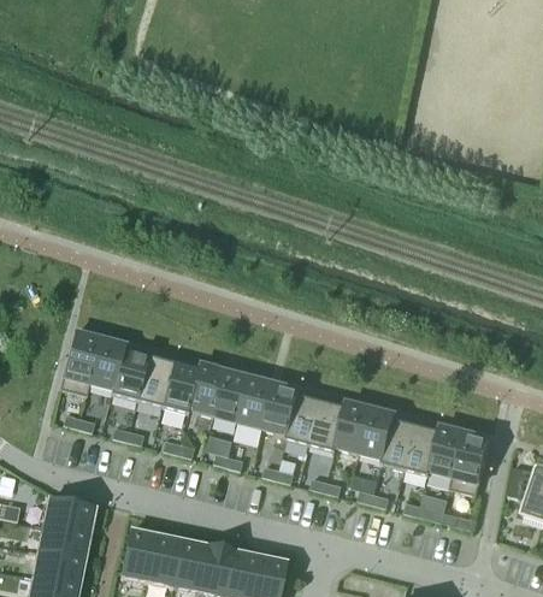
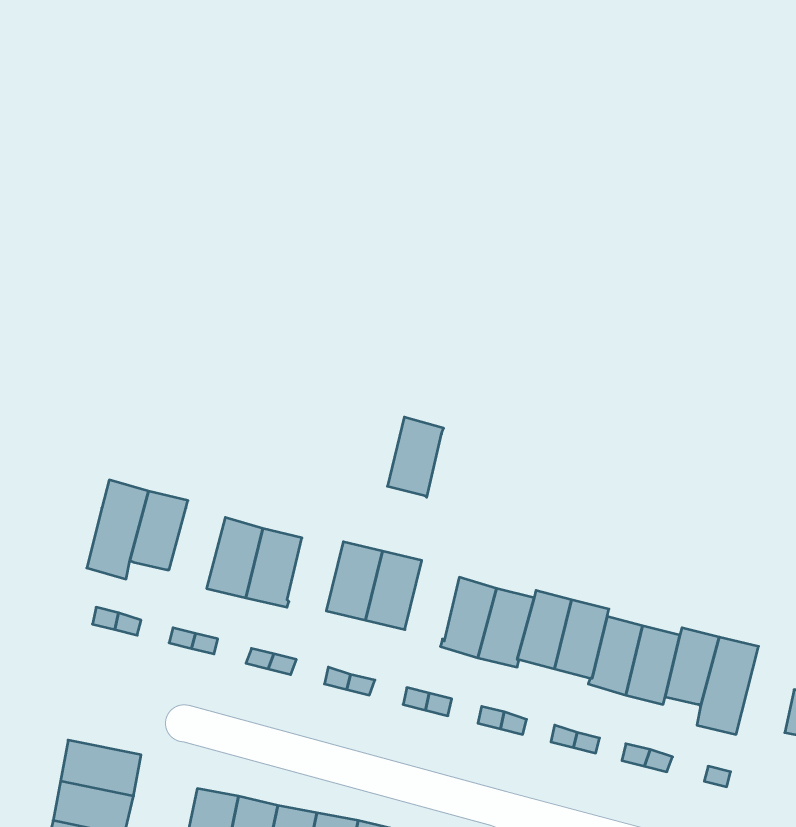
building: [111,349,149,401] -> none
building: [189,363,225,415] -> none
building: [265,383,301,435] -> [387,417,444,497]

